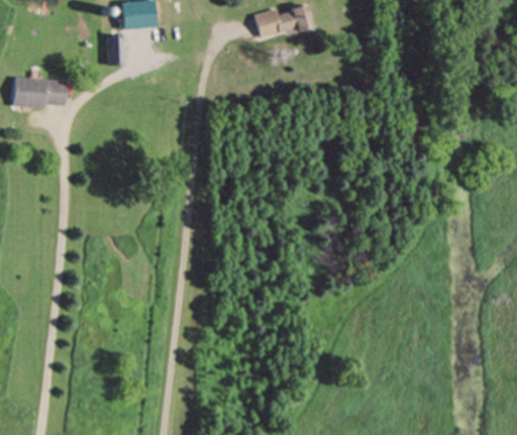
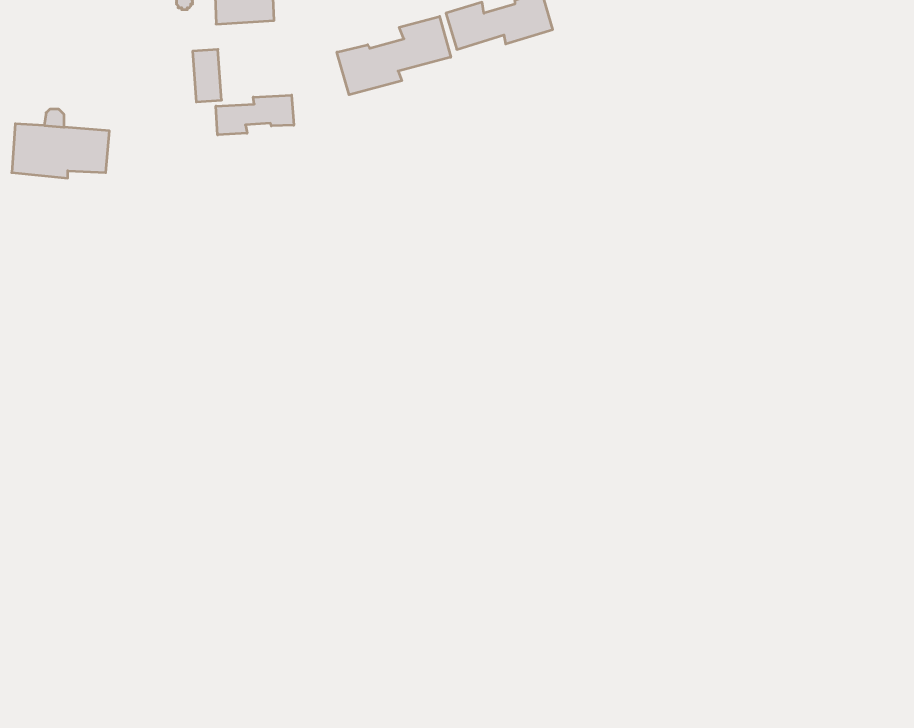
building: none -> [337,16,451,95]
building: none -> [216,95,294,135]

